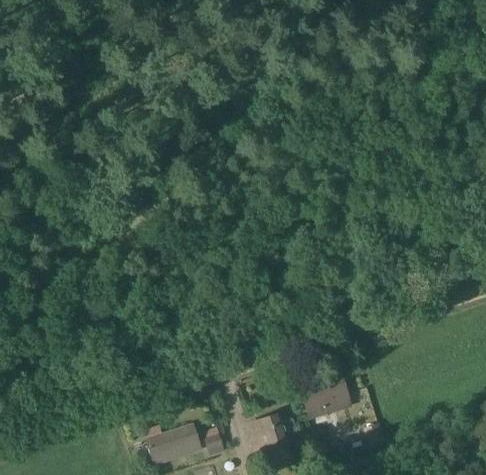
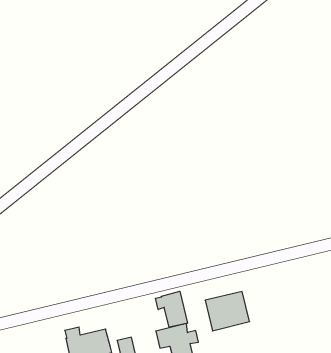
building: none -> [155,291,187,327]

